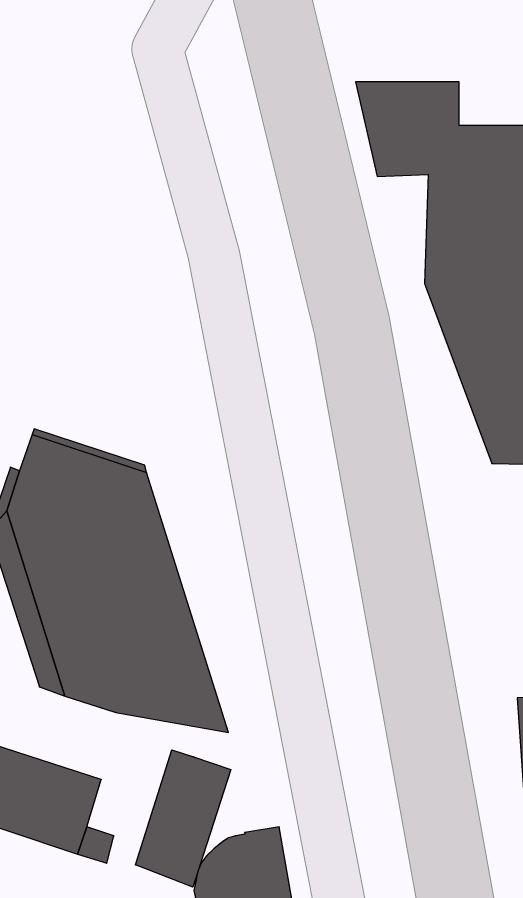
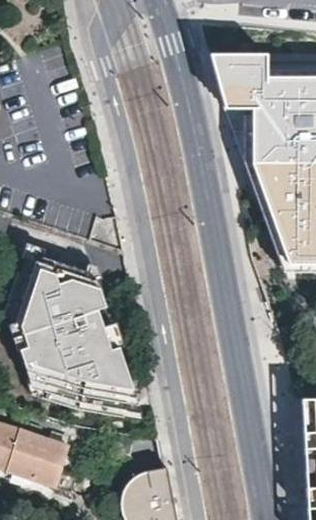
building: [135,750,231,887] -> none

